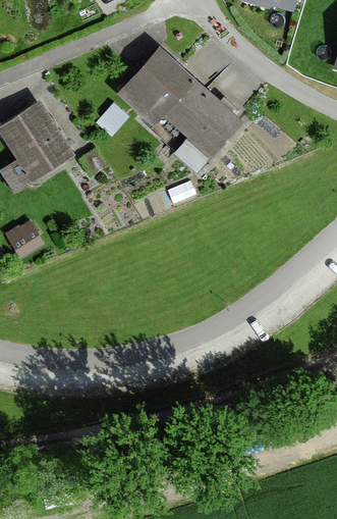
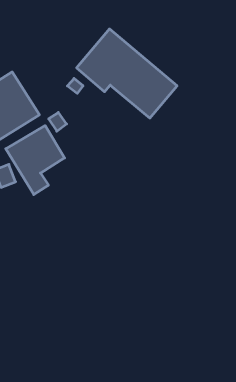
building: none -> [6,126,65,195]

